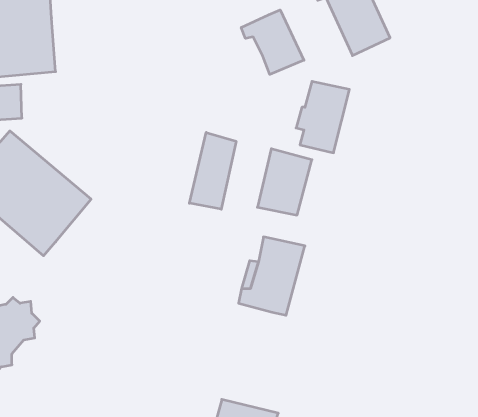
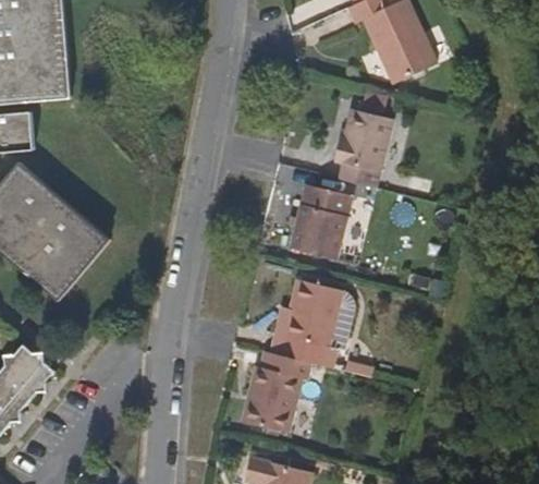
building: [241,10,304,74] -> none
building: [189,132,236,209] -> none
building: none -> [242,351,307,436]

